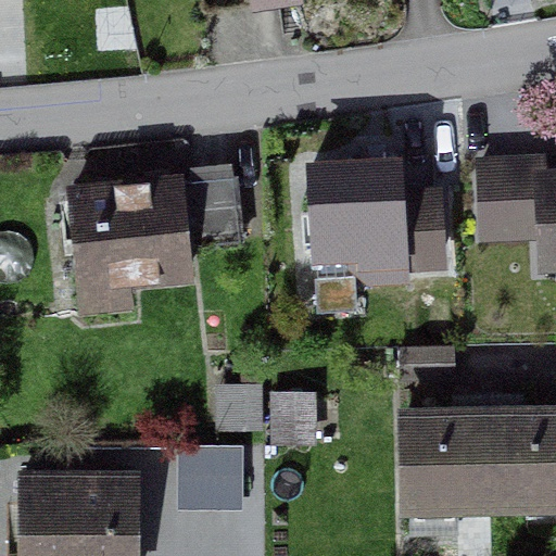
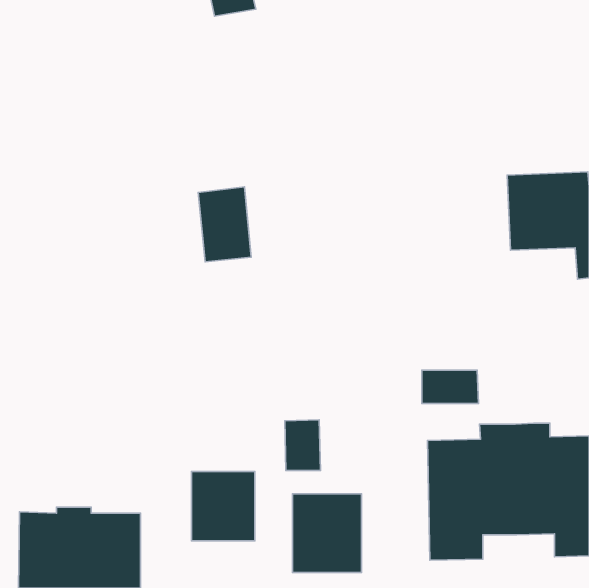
building: [299,165,438,277] -> none
building: [70,182,184,286] -> none
building: none -> [293,494,362,572]

